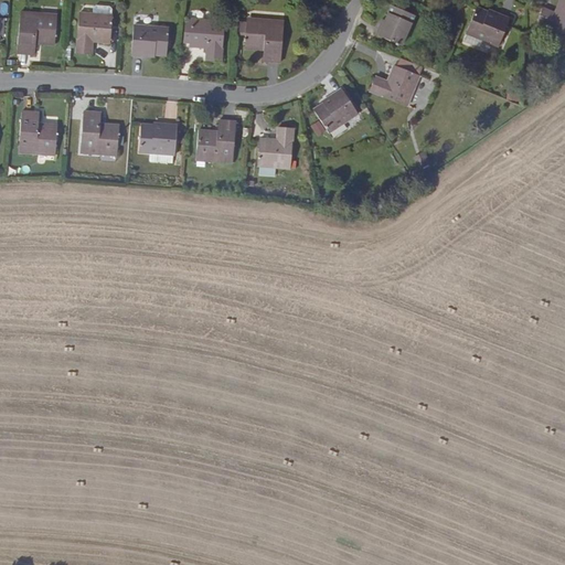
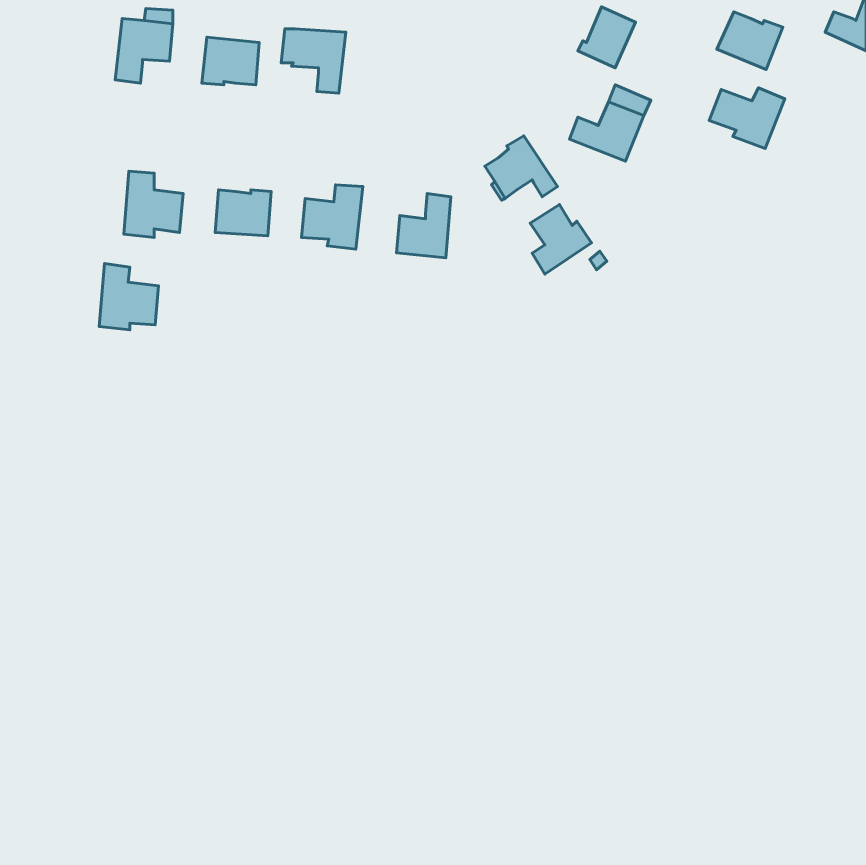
building: [17,11,56,54] -> none
building: [245,19,284,62] -> none
building: none -> [709,88,785,148]
building: [19,110,57,153] -> [99,264,159,330]
building: none -> [530,205,591,274]

